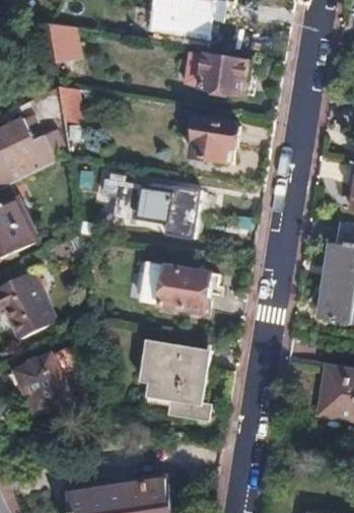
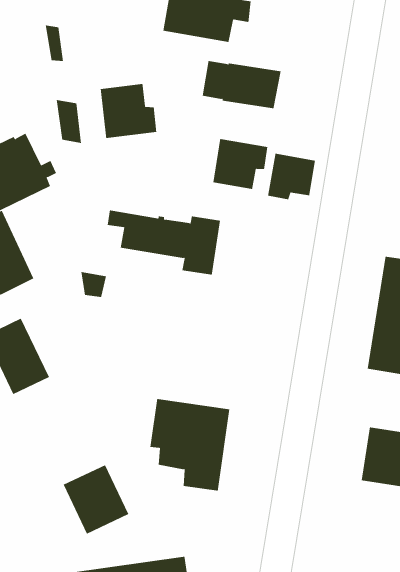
building: none -> [100,83,157,139]
building: none -> [268,153,316,200]
building: [150,265,224,313] -> none
building: [16,352,73,412] -> [63,464,129,534]

